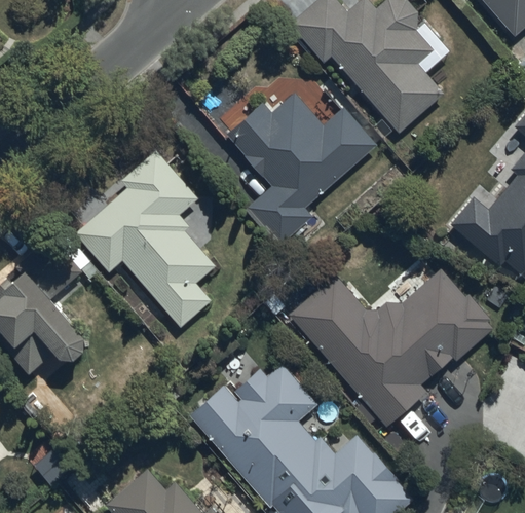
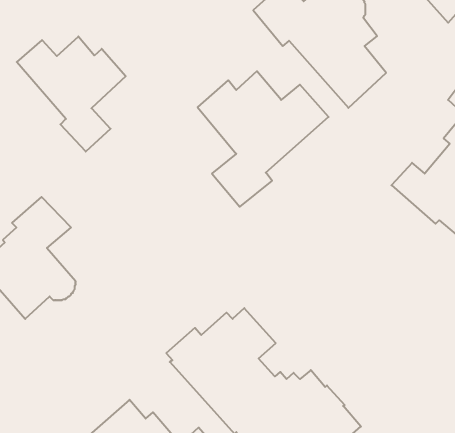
building: none -> [17,36,126,152]
building: [75,151,216,328] -> none
building: [289,268,494,426] -> none

